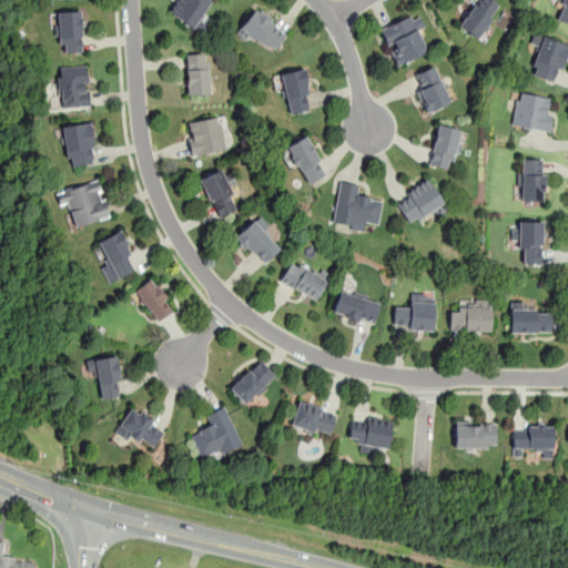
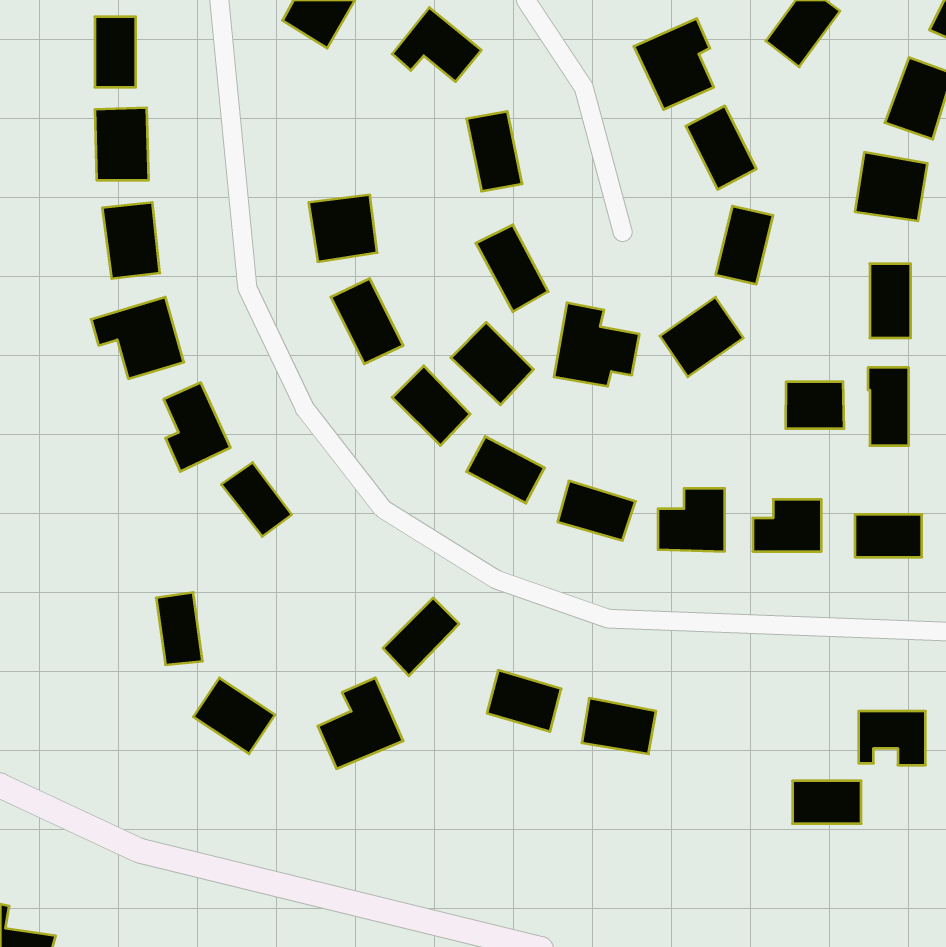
building: [187,53,211,97] -> none
building: none -> [451,322,534,405]
building: none -> [786,382,844,429]
building: [456,424,497,449] -> [792,781,861,824]

